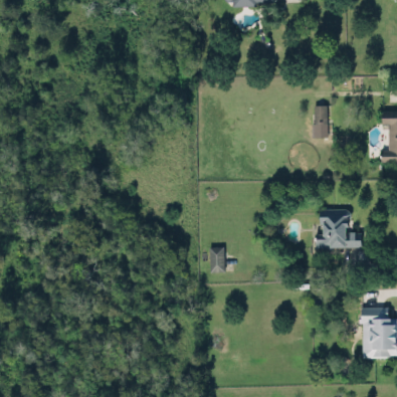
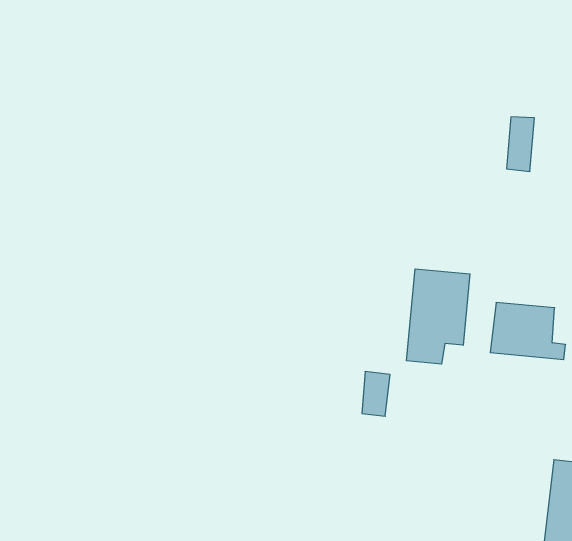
building: none -> [407,269,470,364]
building: [210,247,225,272] -> [362,372,390,416]

